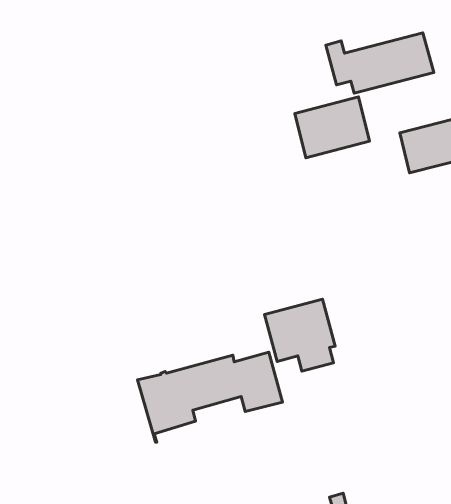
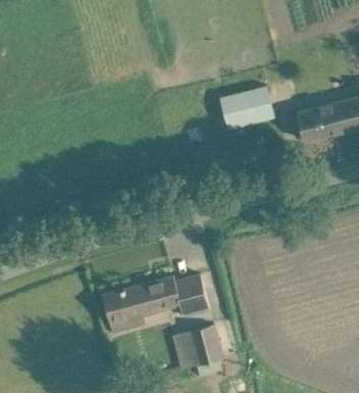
building: [326,33,434,93] -> none
building: [265,299,335,371] -> [171,325,223,378]

